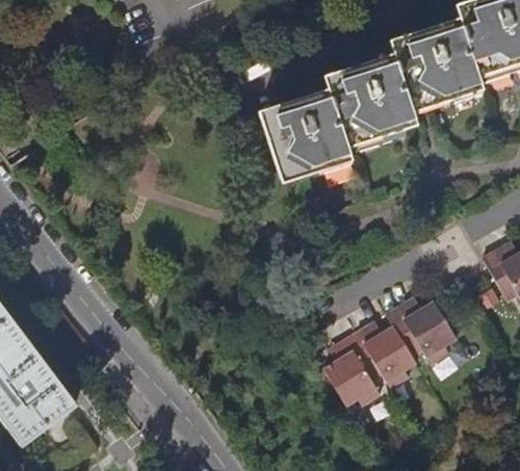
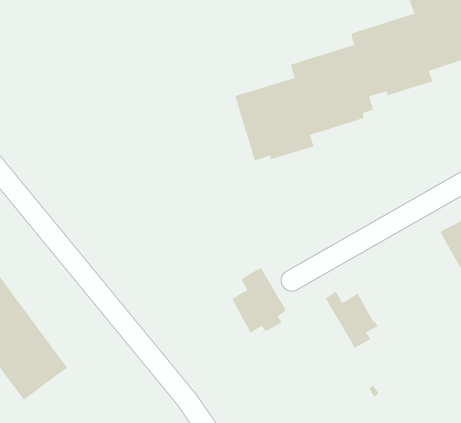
building: [389,300,459,364] -> none
building: [327,332,388,404] -> [231,267,287,333]

